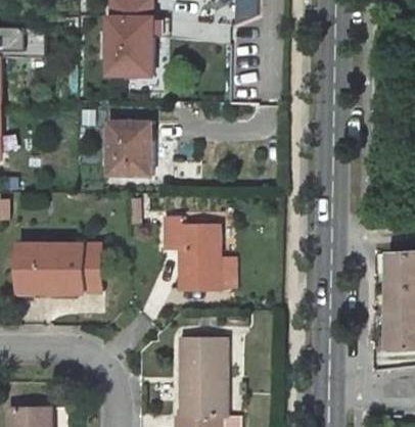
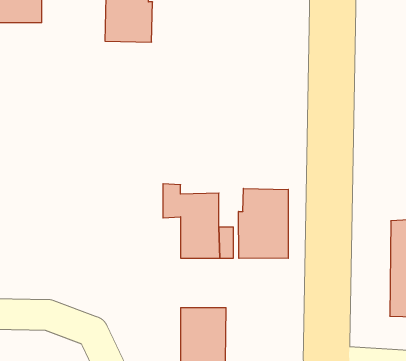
building: [108,121,150,175] -> none
building: none -> [239,188,288,258]
building: [18,244,85,291] -> none

